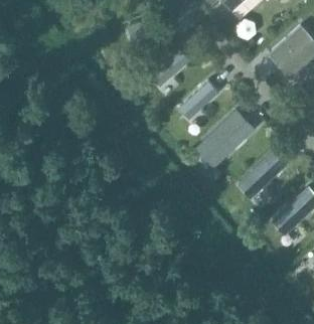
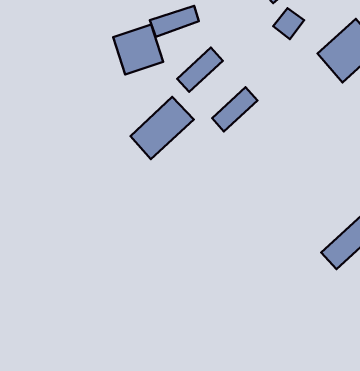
building: none -> [113,24,163,75]
building: [201,110,255,162] -> [130,97,194,159]
building: [237,151,287,199] -> none

